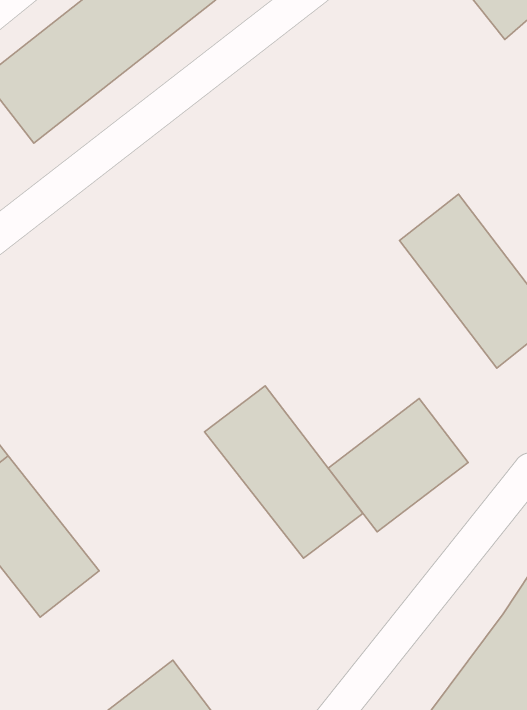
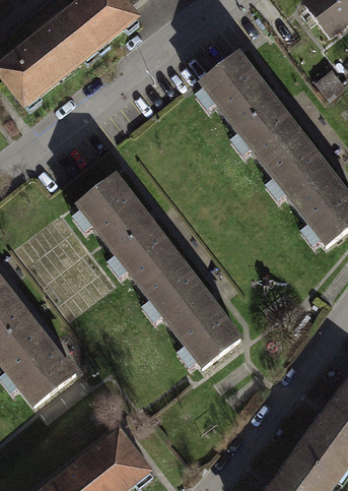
building: none -> [202,53,301,164]
building: none -> [77,175,179,286]
building: [328,399,468,532] -> none

